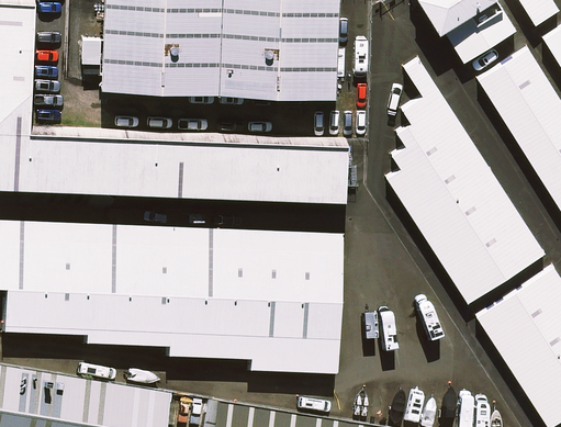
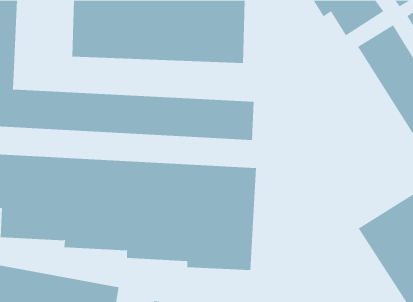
building: [390,59,545,300] -> none

